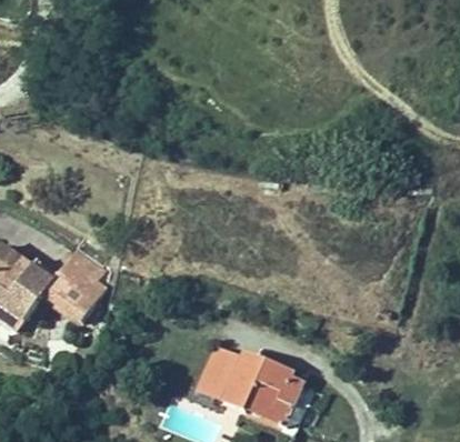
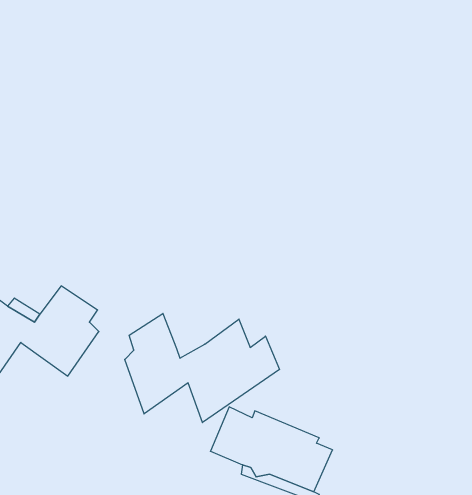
building: none -> [125,313,279,423]

